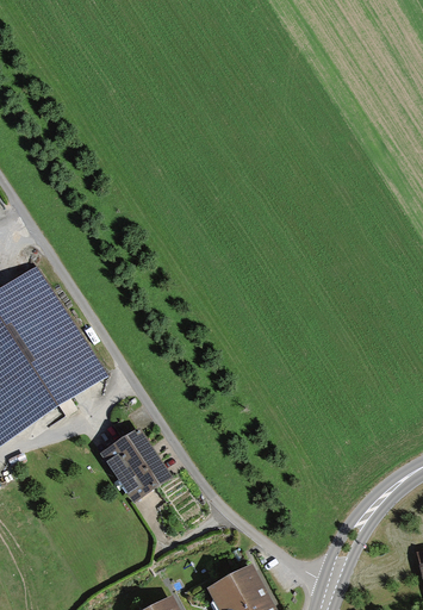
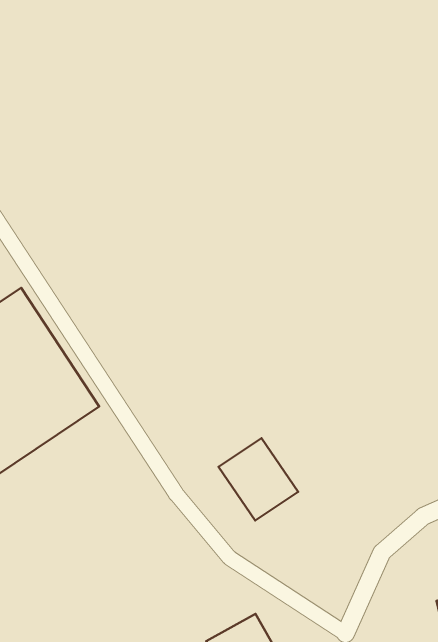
building: [100,428,173,503] -> [219,438,298,520]

